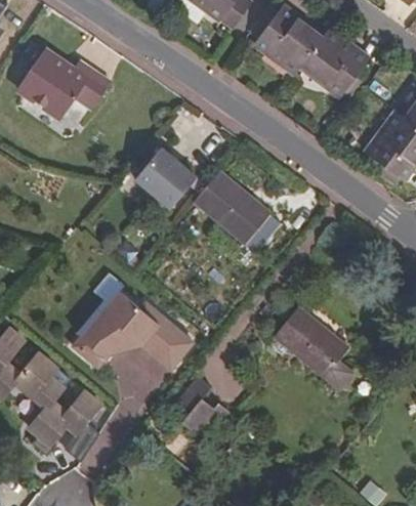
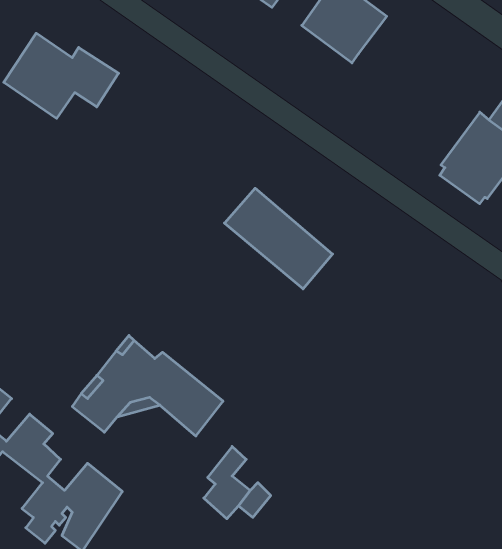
building: [300,30,368,94] -> none
building: [135,147,197,208] -> none
building: [276,307,350,386] -> none

